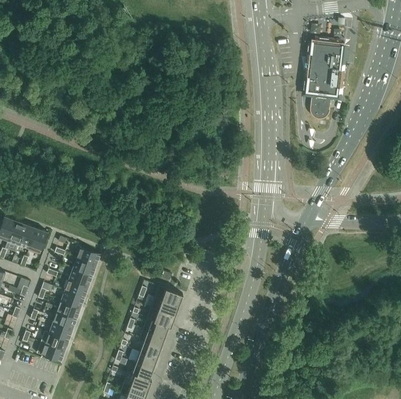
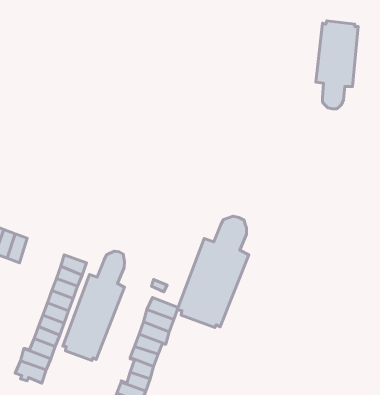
building: none -> [177,216,249,328]
building: none -> [63,251,125,360]

